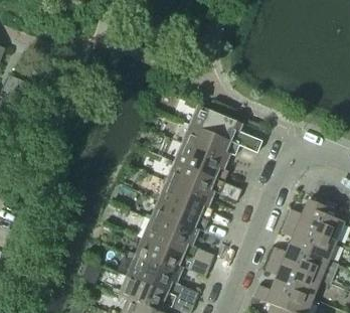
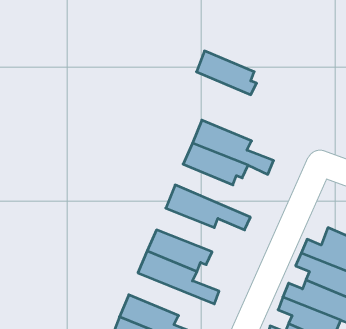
building: [176,144,228,182] -> [196,51,257,95]
building: [160,182,212,220] -> none
building: [136,239,210,277] -> none

